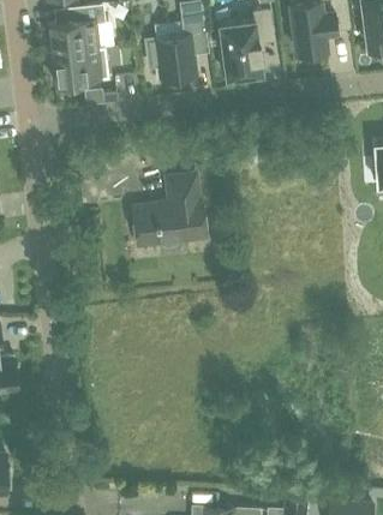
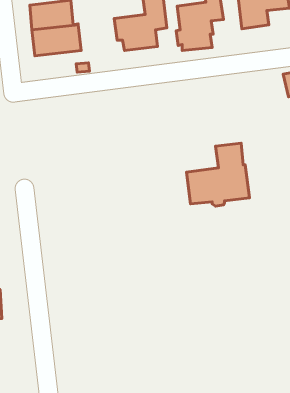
building: [132,176,205,250] -> [187,143,249,206]

